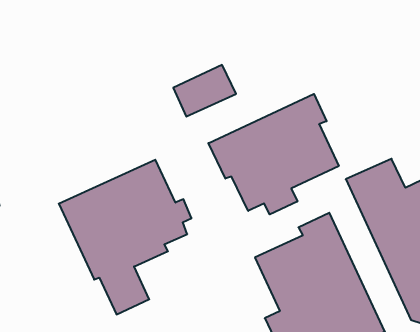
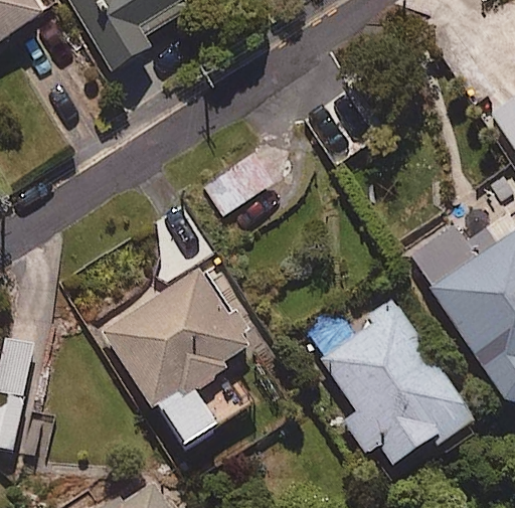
building: [208,94,339,214] -> none

